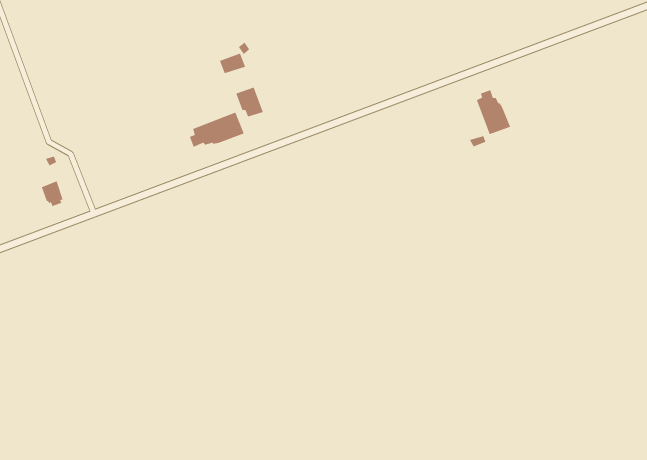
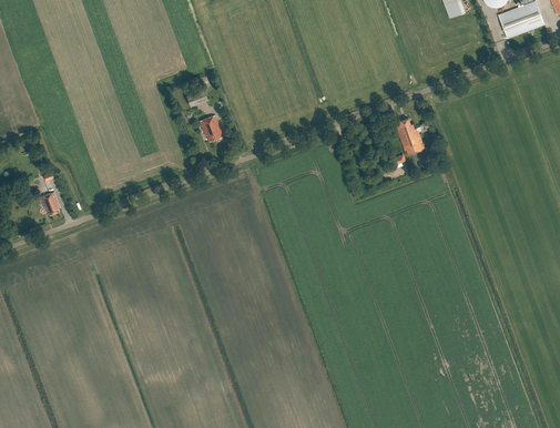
building: [189,112,245,148] -> none

